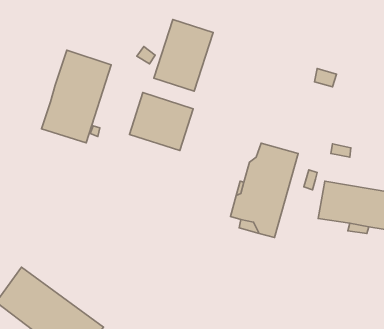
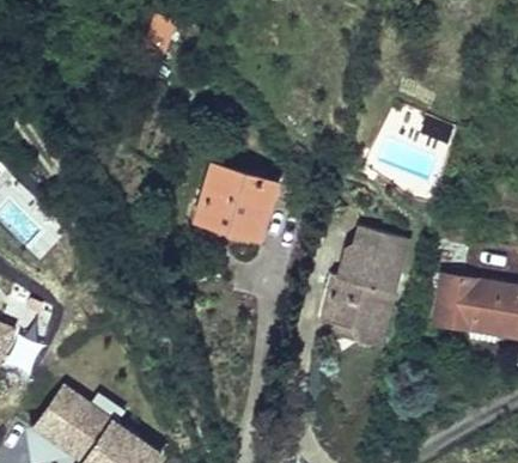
building: [154,20,213,91] -> none
building: [41,50,111,143] -> none

